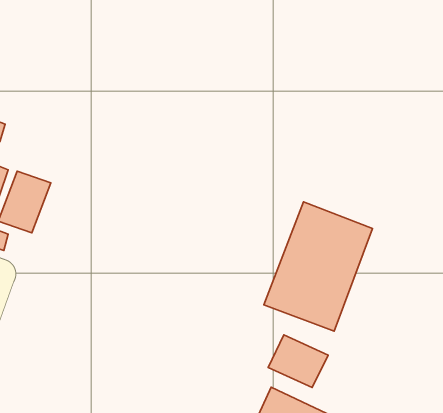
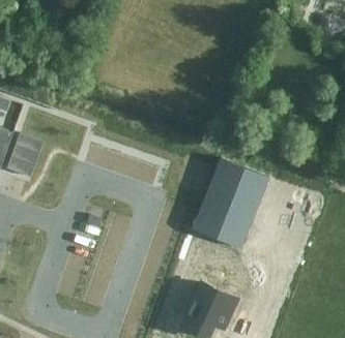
building: [268,335,328,388] -> none

